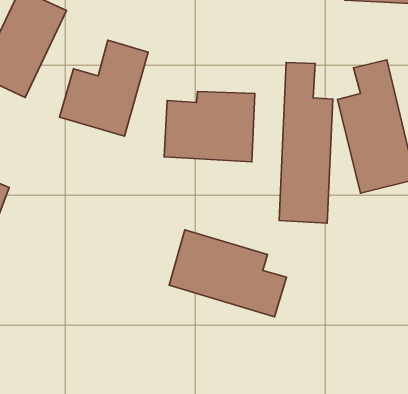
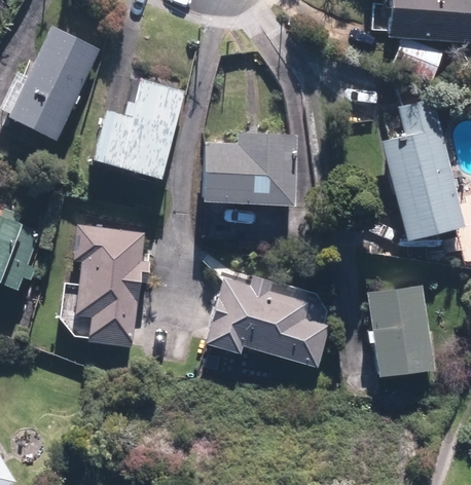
building: [279,62,333,223] -> none
building: none -> [74,225,145,346]
building: none -> [366,285,433,376]

